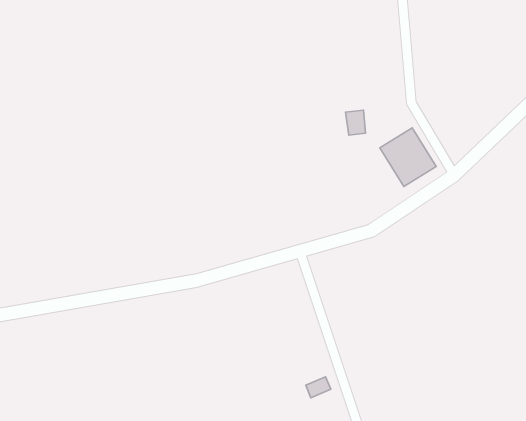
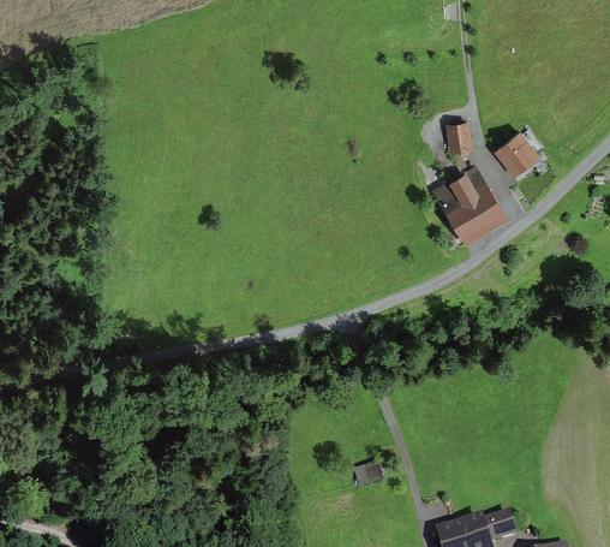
building: none -> [495,133,540,177]
building: [346,110,365,135] -> [445,125,468,154]

